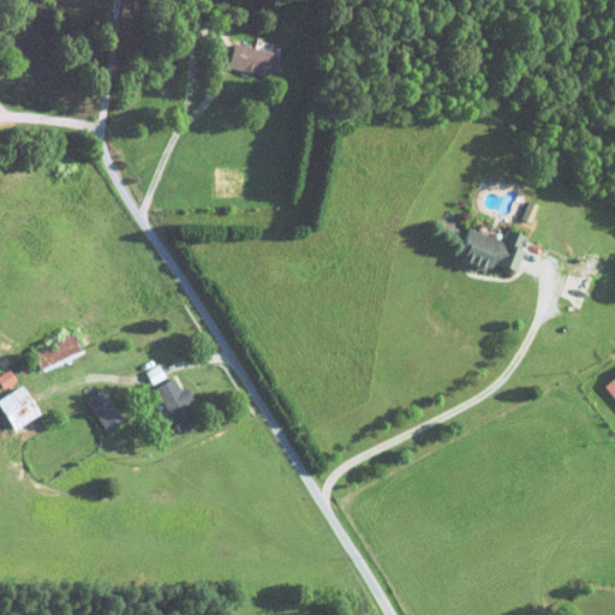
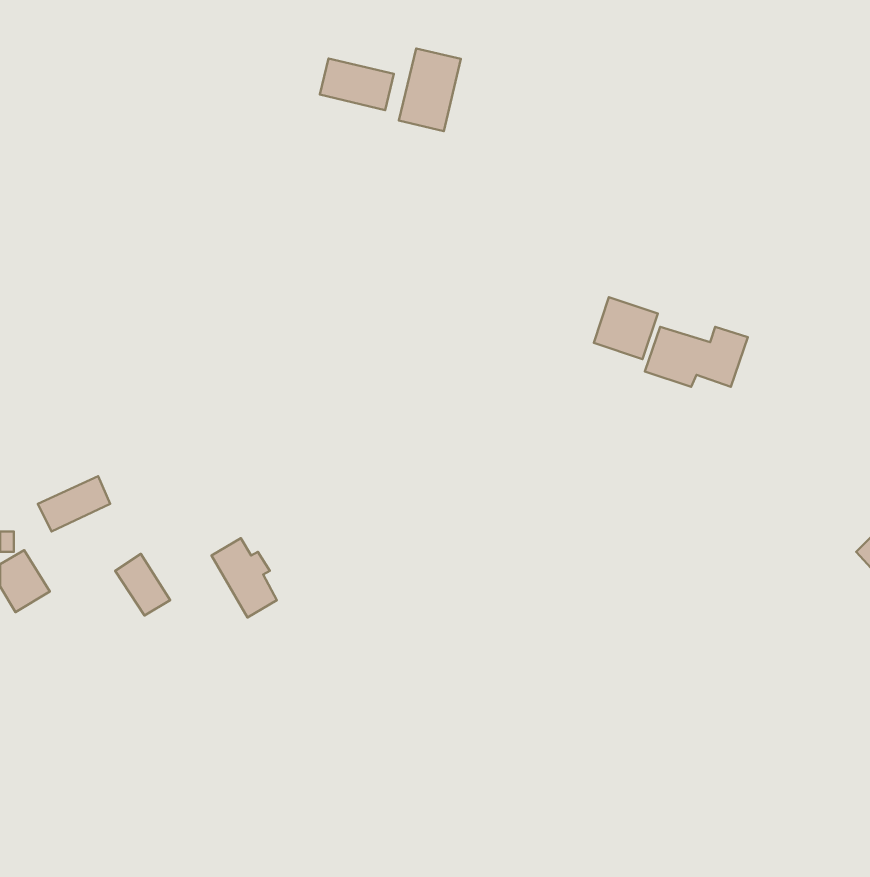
building: none -> [399,48,461,131]
building: none -> [594,297,658,359]

